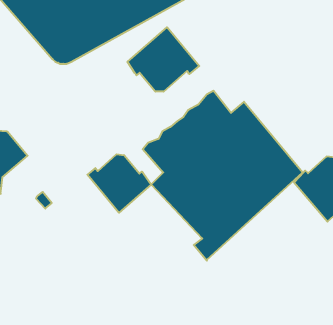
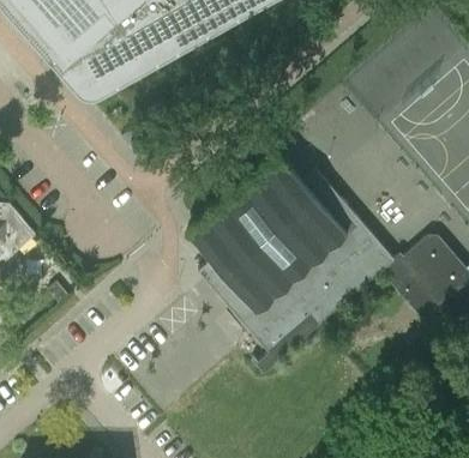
building: [127,27,199,92] -> none
building: [87,154,151,213] -> none

